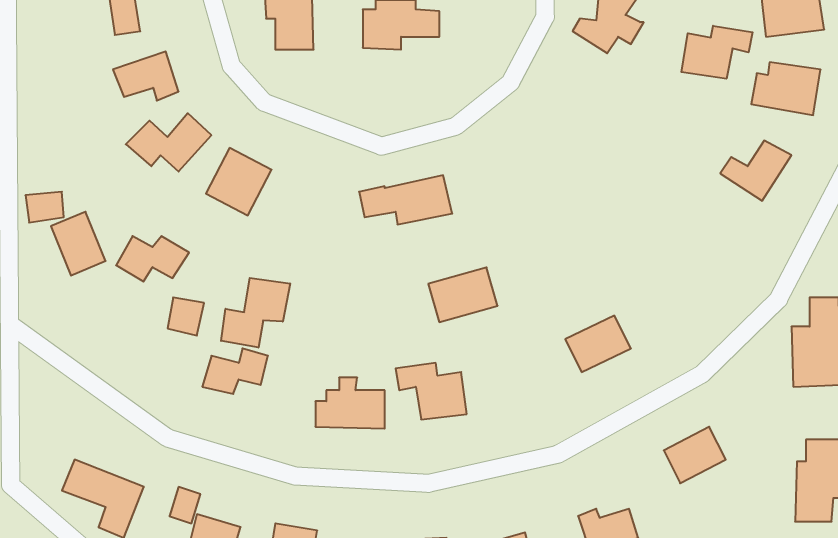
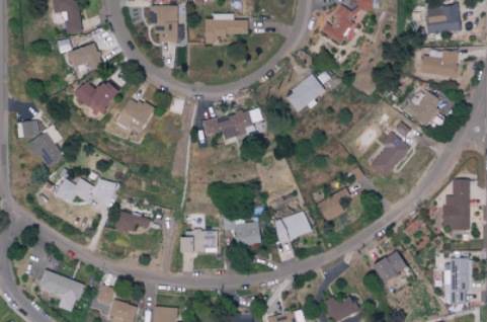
building: [681,26,753,79] -> none
building: none -> [285,75,326,112]
building: none -> [371,132,410,178]
building: [116,236,189,282] -> [56,178,96,204]
building: [428,267,498,322] -> [273,212,312,242]
building: [221,278,290,348] -> none

